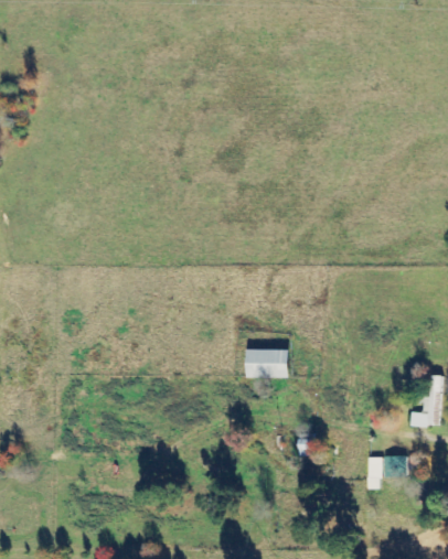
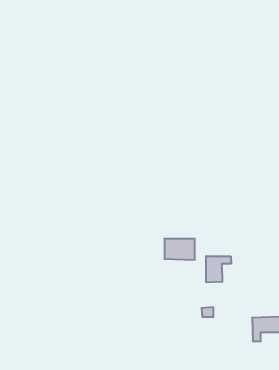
building: none -> [206,256,231,282]

